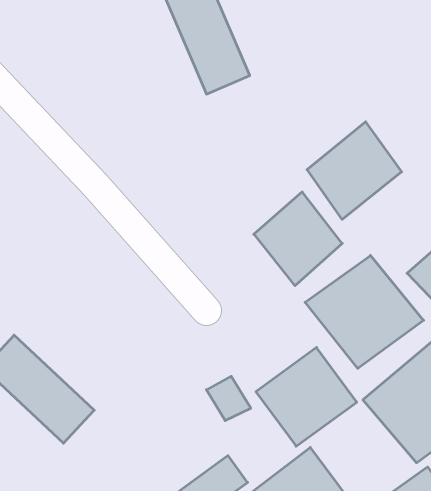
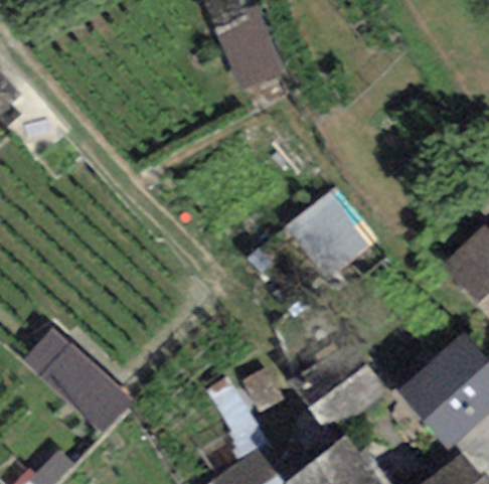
building: [307,122,402,219] -> none
building: [305,255,424,368] -> none

